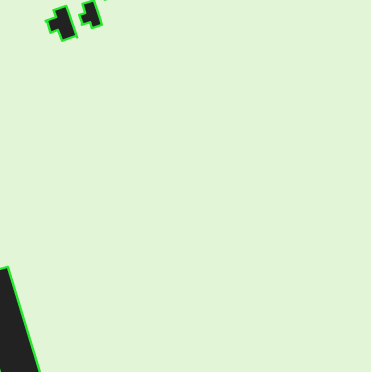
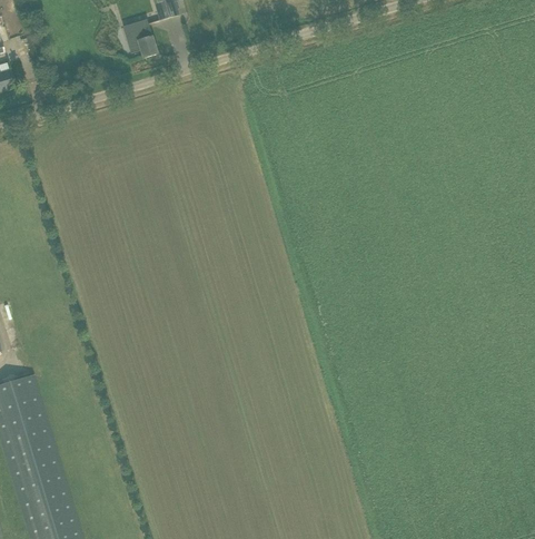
building: [46,6,77,41] -> none

